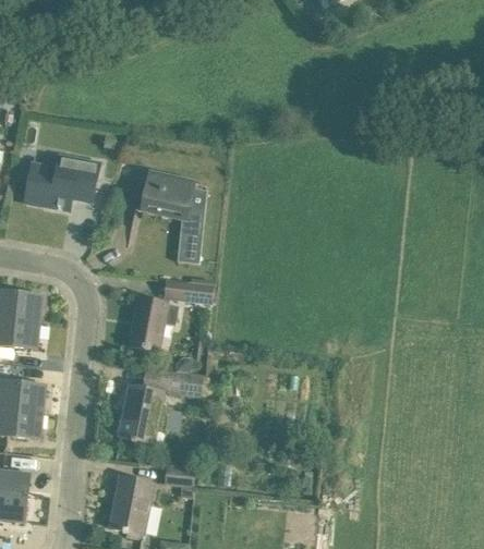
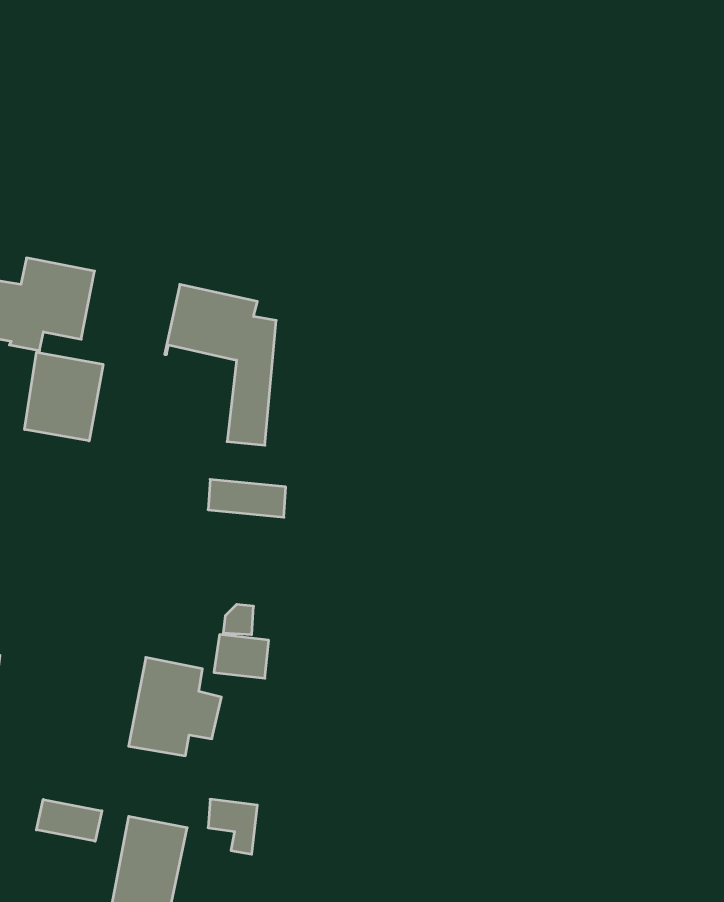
building: none -> [25,352,103,441]
building: [128,297,178,351] -> none
building: none -> [36,799,102,841]

